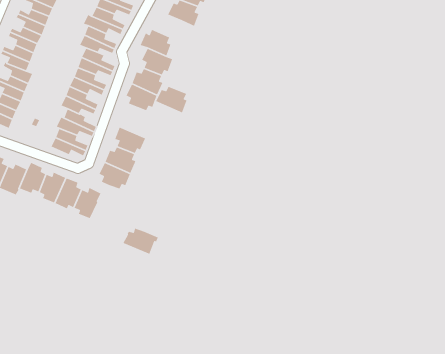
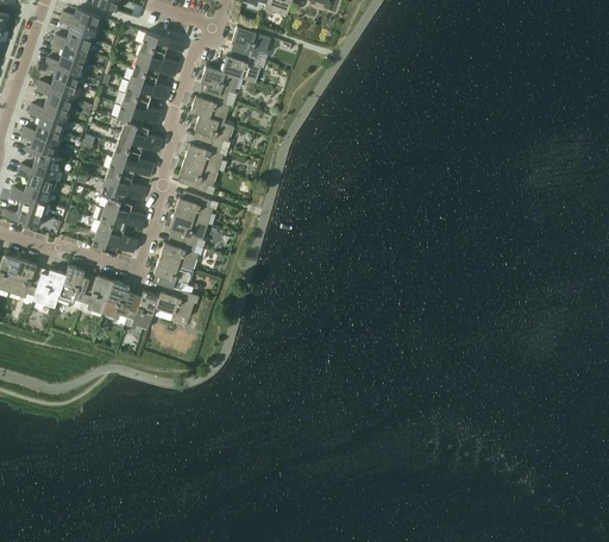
building: none -> [200,64,239,97]
building: [155,86,187,113] -> [174,191,213,223]
building: [123,227,159,255] -> [155,285,199,317]

